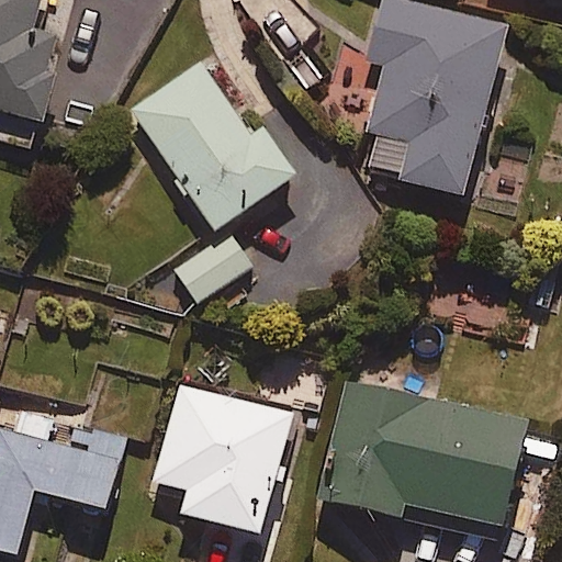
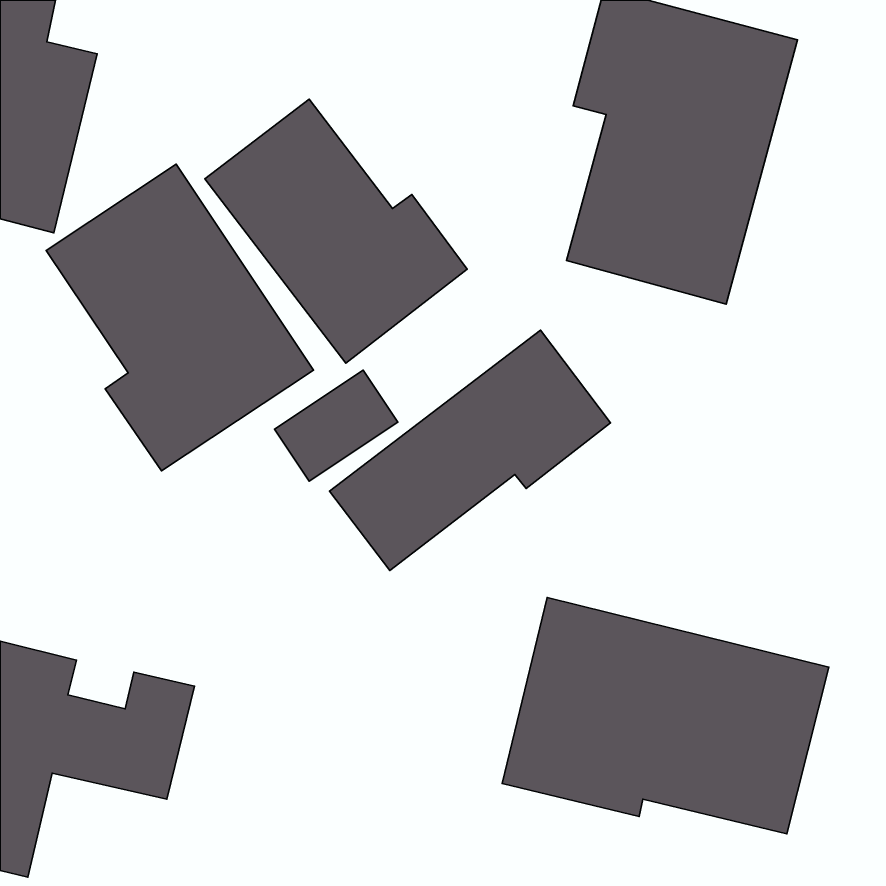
building: none -> [46,164,314,471]
building: none -> [330,330,610,570]
building: [153,384,290,531] -> none

